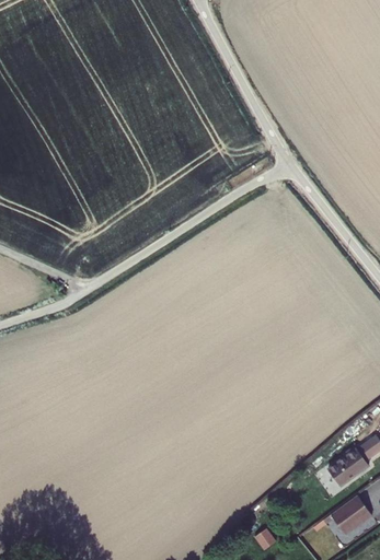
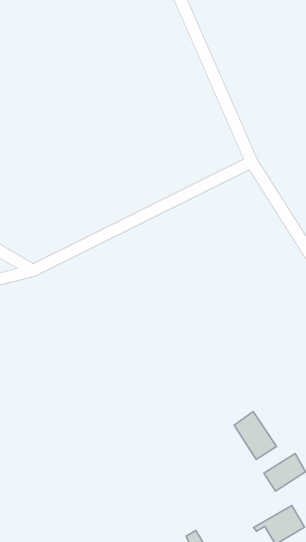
building: none -> [234,412,277,459]

